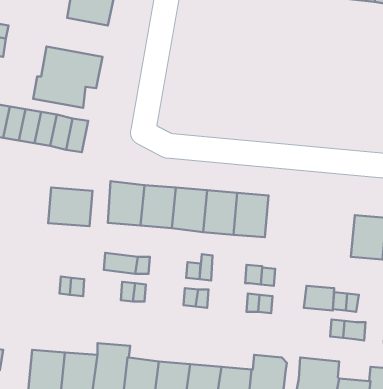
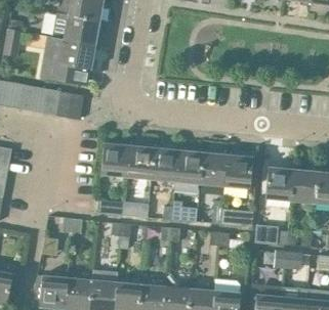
building: none -> [50,13,99,46]
building: [48,188,92,226] -> none
building: none -> [222,154,251,189]
building: none -> [264,167,293,203]

